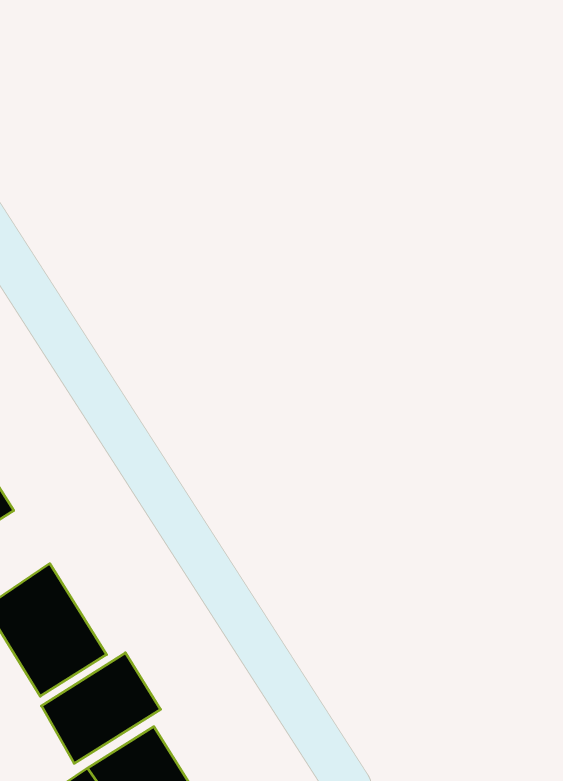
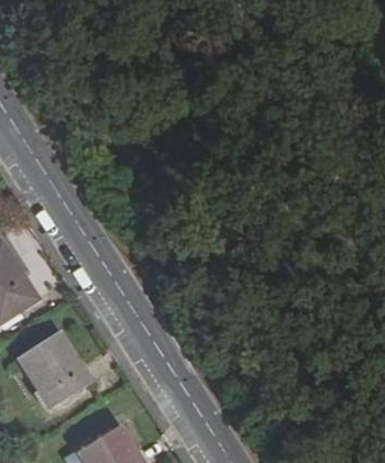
building: [41,653,161,763] -> none

